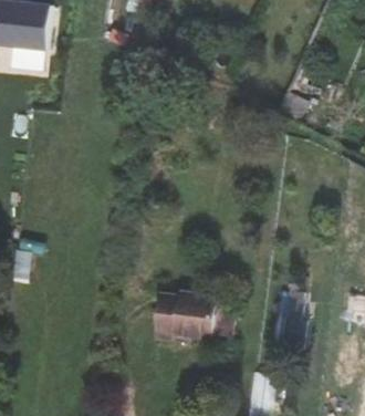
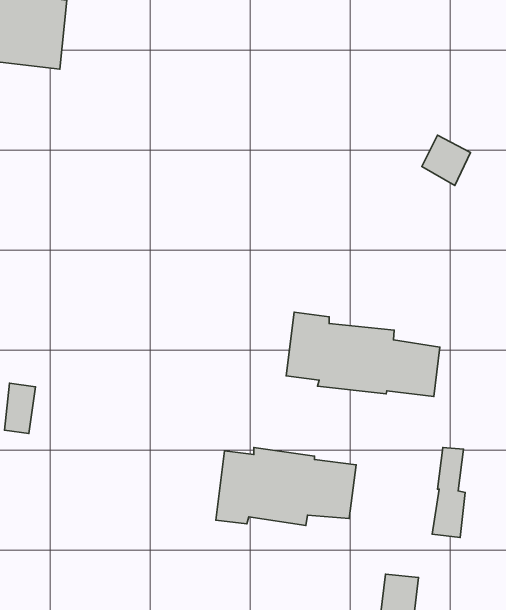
building: none -> [286,312,440,397]

